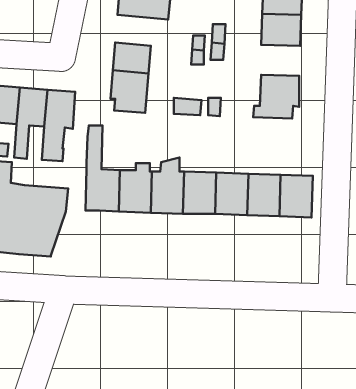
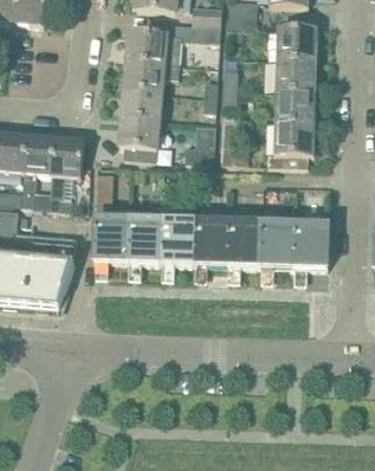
building: none -> [124,58,179,90]
building: none -> [274,89,315,121]

